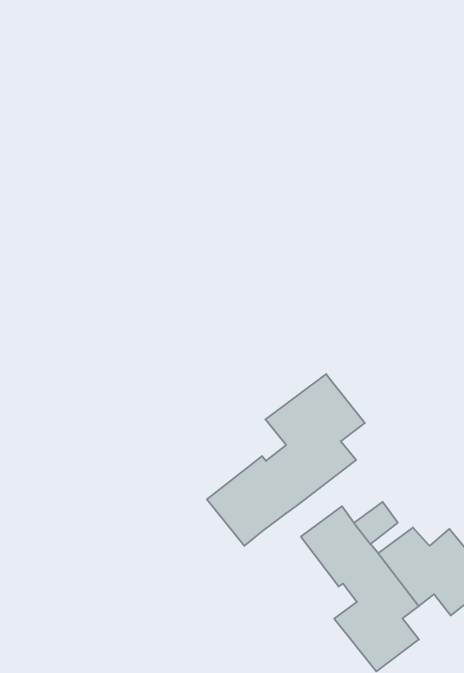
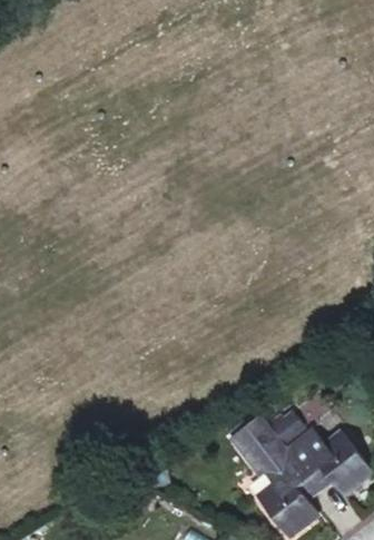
building: [207,374,365,546] -> none

